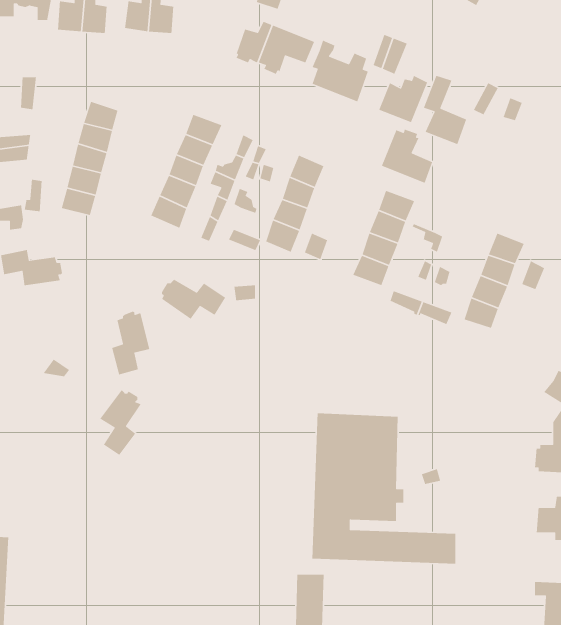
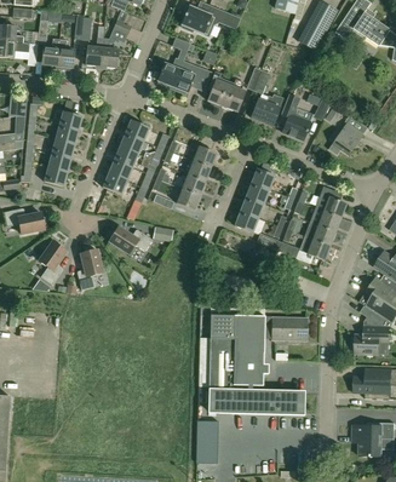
building: none -> [328,122,362,154]
building: [381,128,433,184] -> none
building: [99,389,142,456] -> [38,240,65,283]
building: none -> [271,316,308,340]

